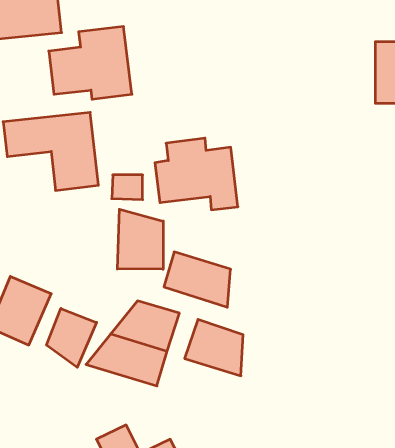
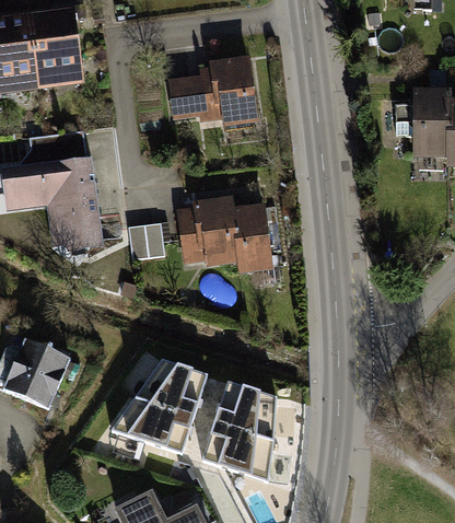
building: [49,27,132,99] -> [173,51,261,129]
building: [117,209,163,269] -> none
building: [164,252,231,307] -> [199,425,270,484]
building: [47,308,97,367] -> none

